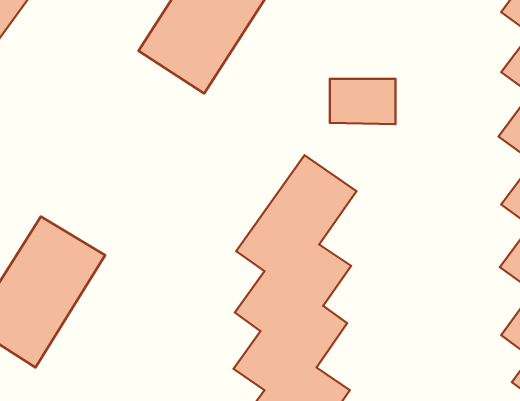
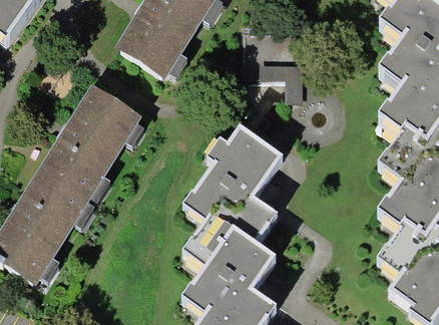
building: none -> [41,90,139,201]

